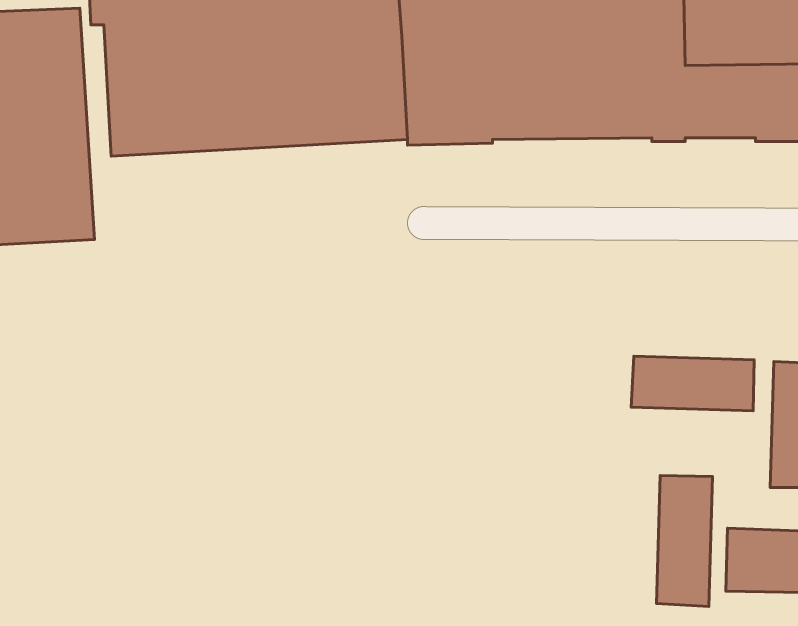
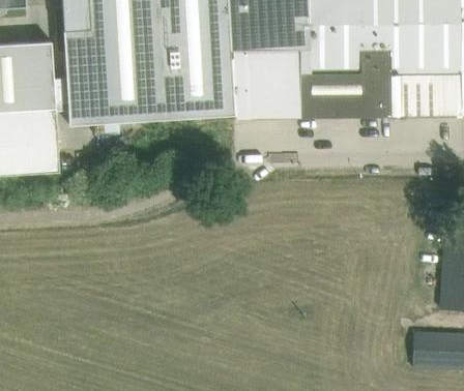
building: [631,356,754,411] -> none
building: [657,475,713,607] -> none

